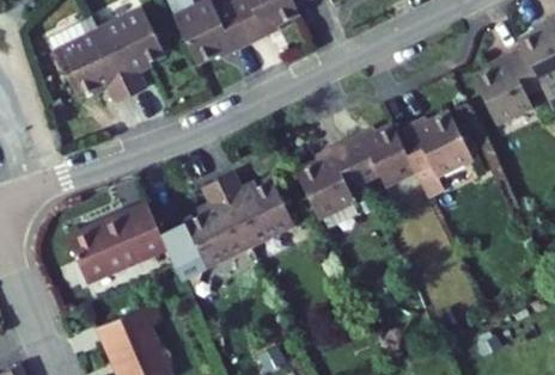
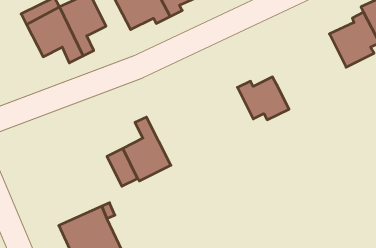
building: [397,117,475,204] -> none
building: [295,141,365,220] -> none
building: [219,173,295,247] -> none
building: [69,207,165,285] -> none

